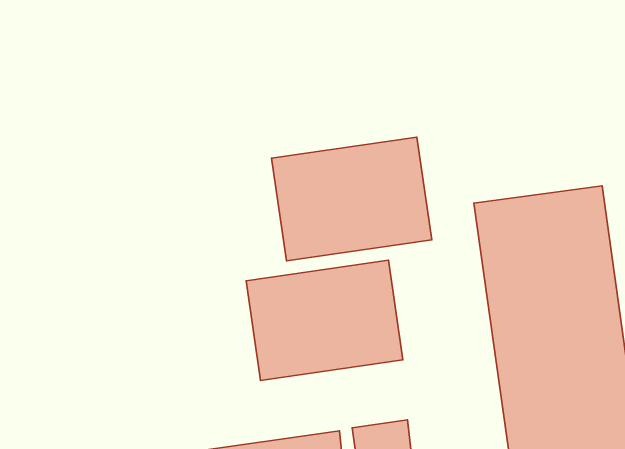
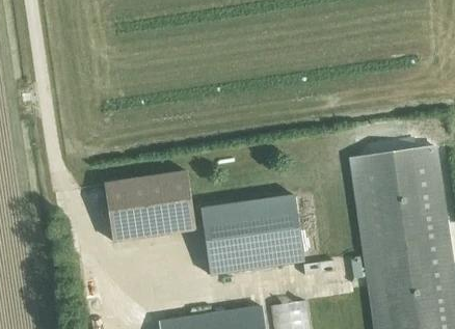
building: [271,137,432,261] -> none
building: none -> [105,171,196,242]

